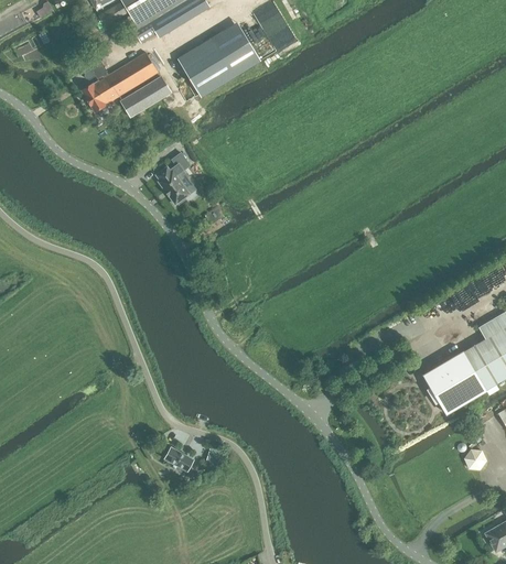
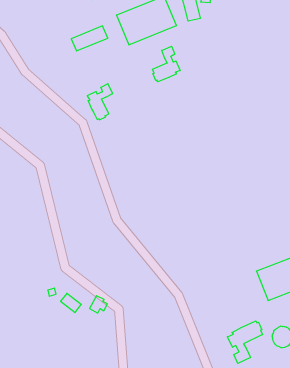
building: [83,52,159,111] -> none
building: none -> [152,46,180,82]
building: none -> [227,321,263,363]

